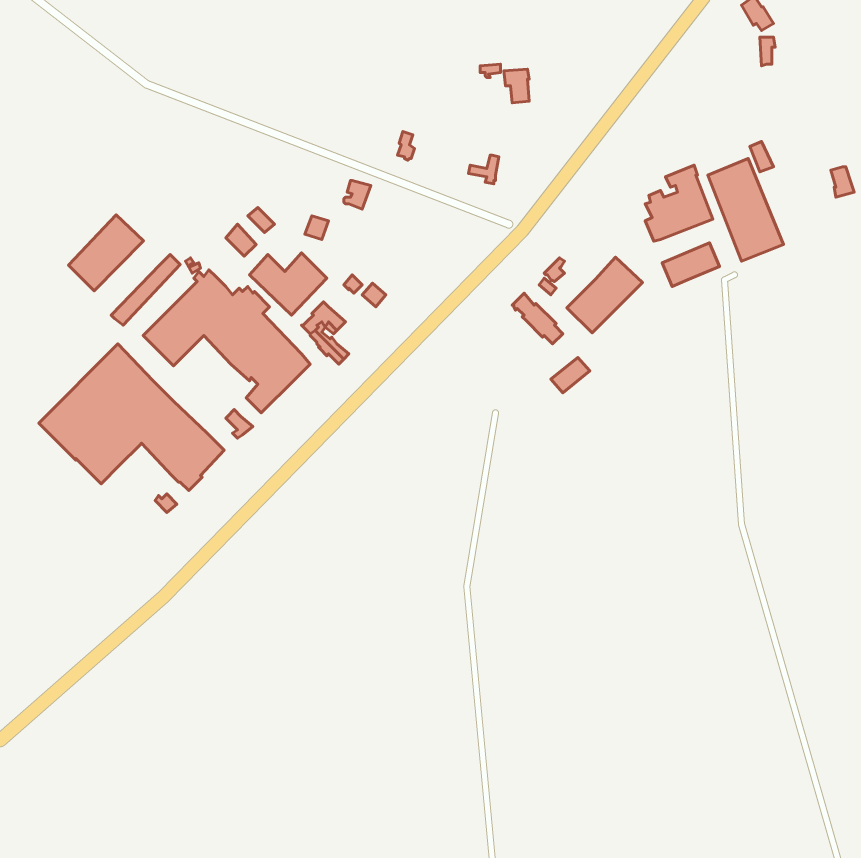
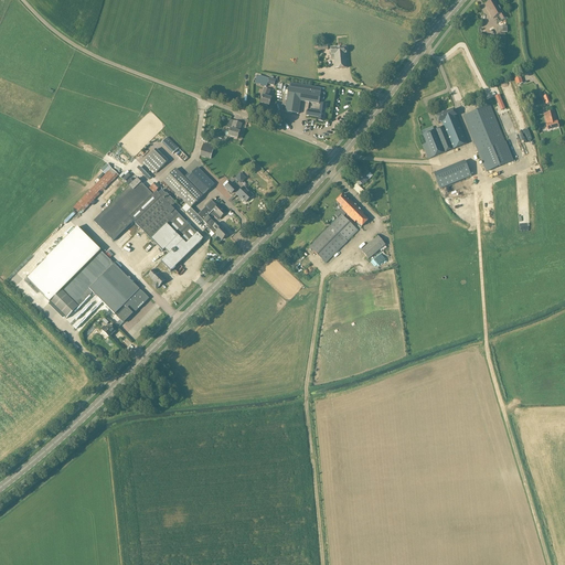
building: none -> [286,86,321,113]
building: [68,215,143,291] -> none
building: [567,257,643,333] -> [309,212,359,262]

